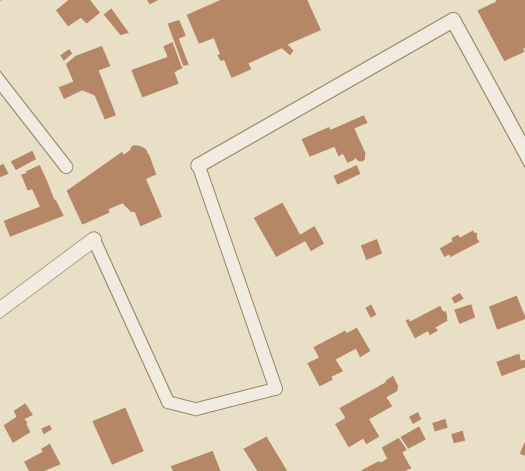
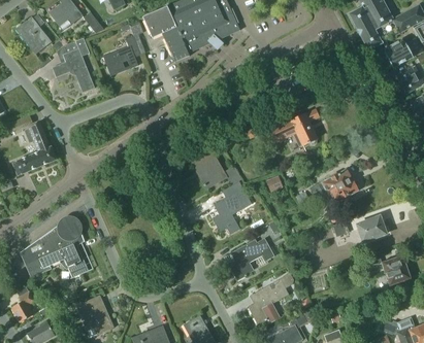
building: none -> [14,16,51,55]
building: [300,114,369,164] -> [268,110,317,145]
building: [64,145,163,227] -> [18,219,88,278]
building: none -> [211,192,243,231]
building: [404,305,449,339] -> [325,178,357,203]

